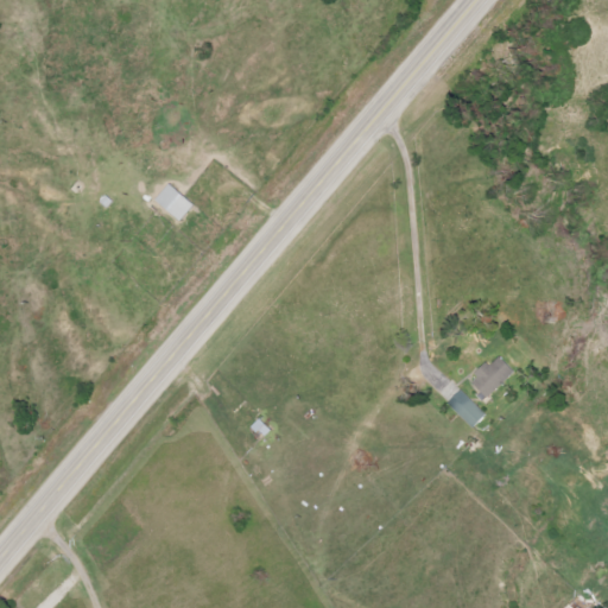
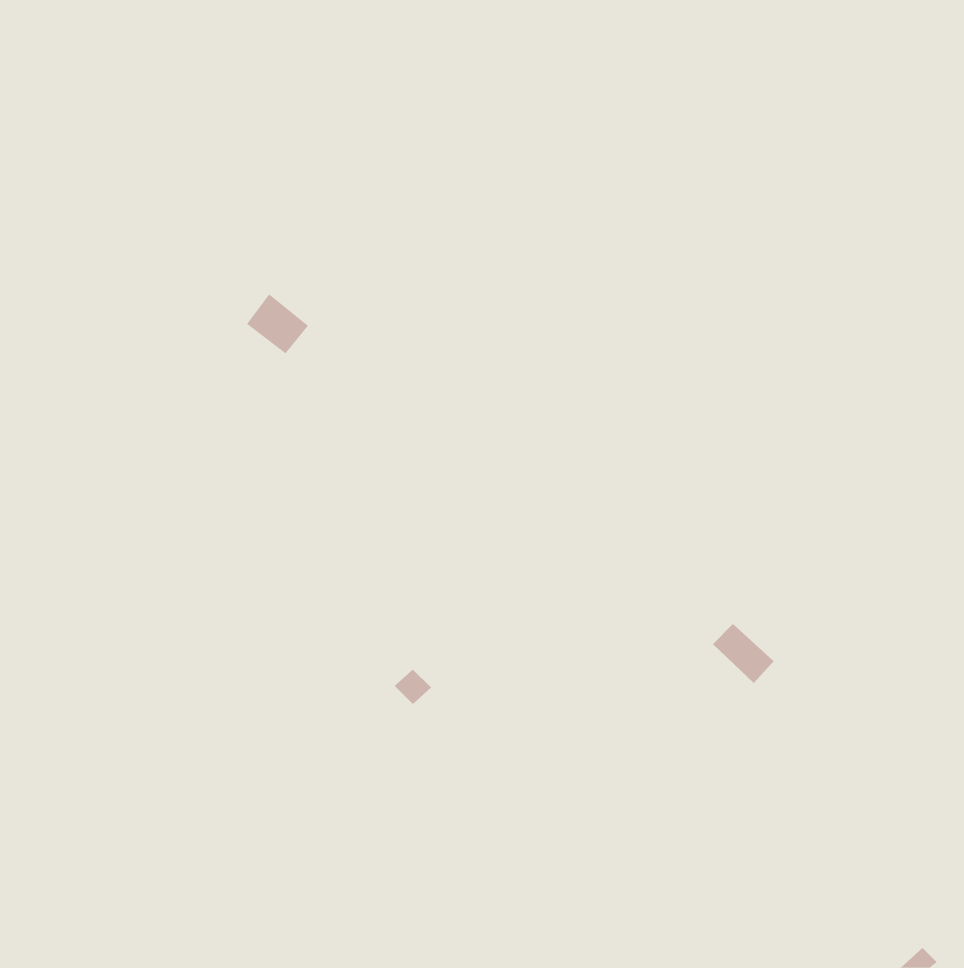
building: [469,356,513,398] -> none

